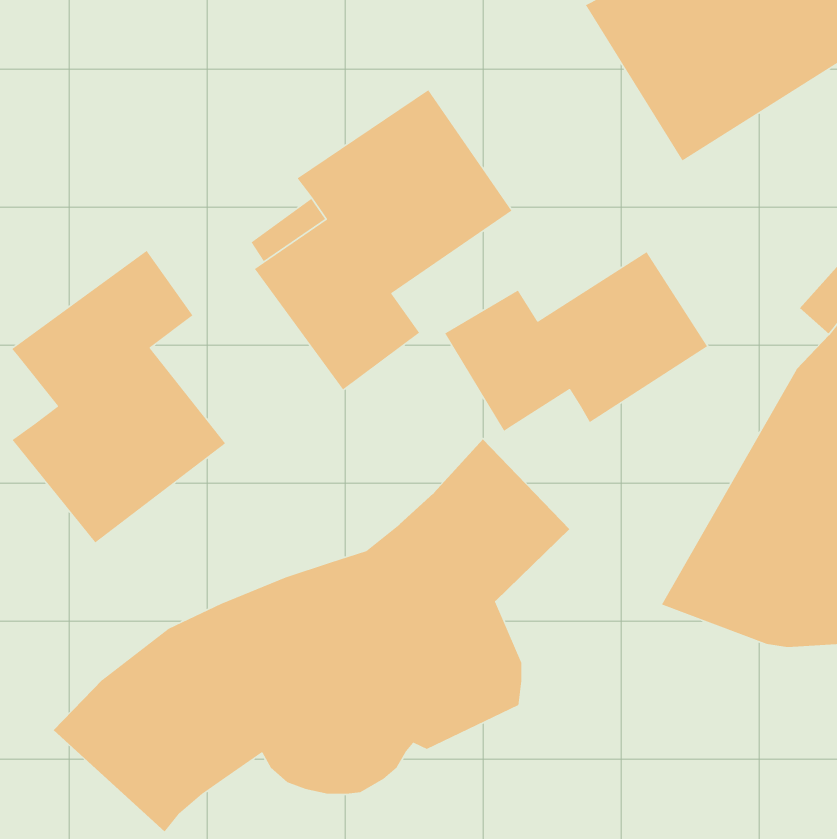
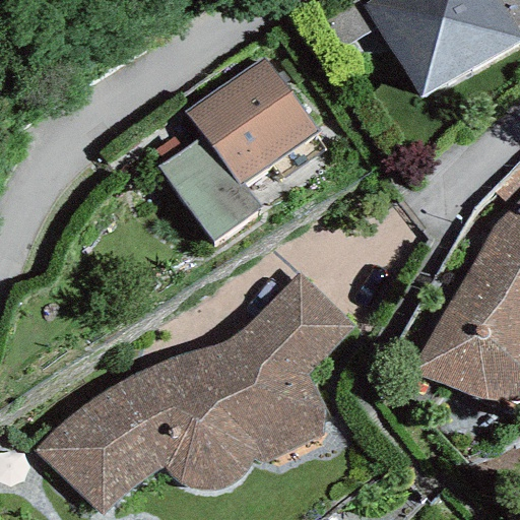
building: [11,250,226,543] -> none
building: [444,251,708,432] -> none

